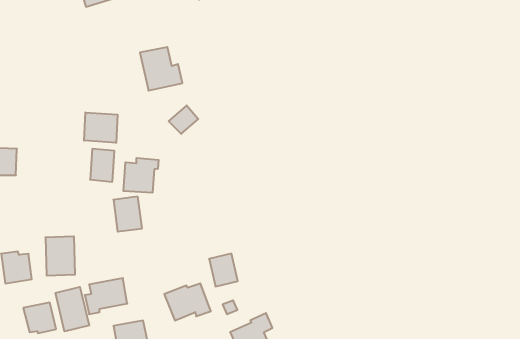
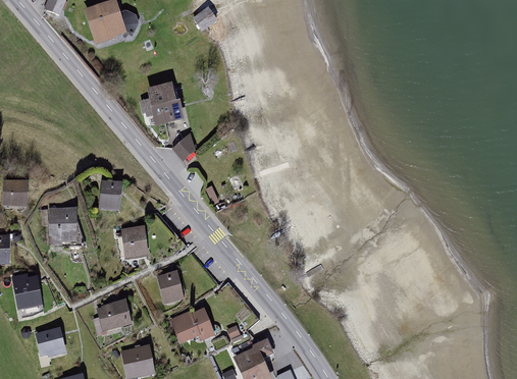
building: [84,112,118,143] -> none
building: [123,158,159,193] -> none
building: [45,236,75,276] -> [48,207,76,245]
building: [209,254,238,286] -> [158,274,186,306]
building: [55,287,89,331] -> none

